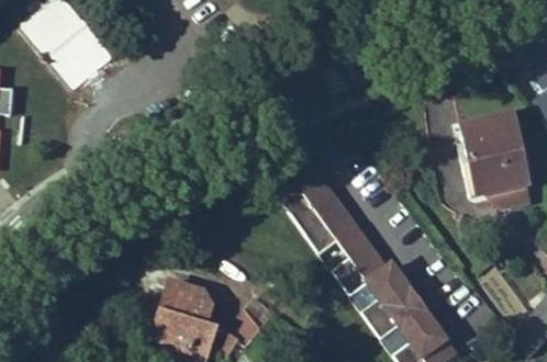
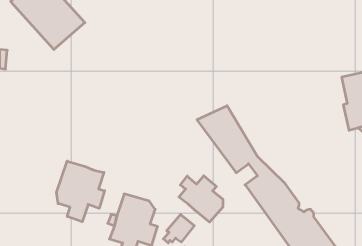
building: none -> [57,161,105,222]
building: none -> [179,176,223,222]

